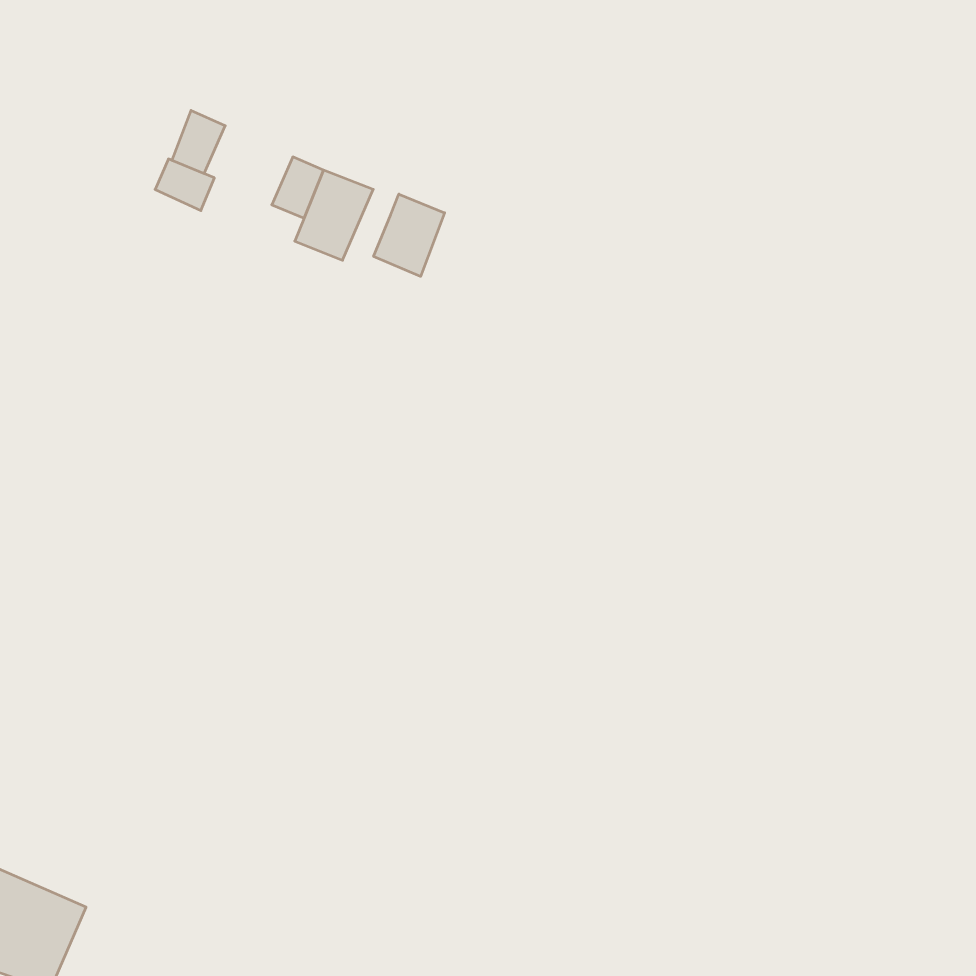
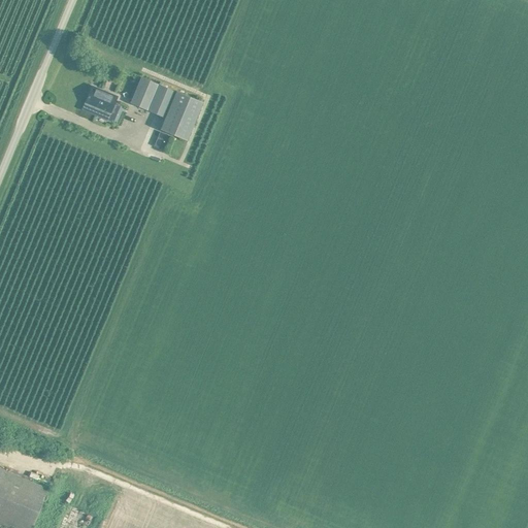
building: [172,110,225,174] -> [129,77,158,111]
building: [374,194,445,276] -> none

